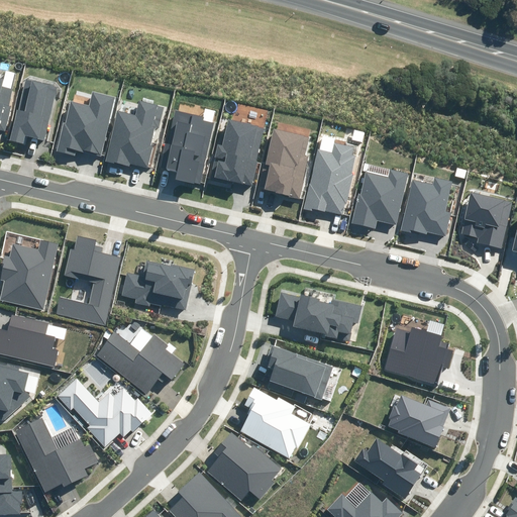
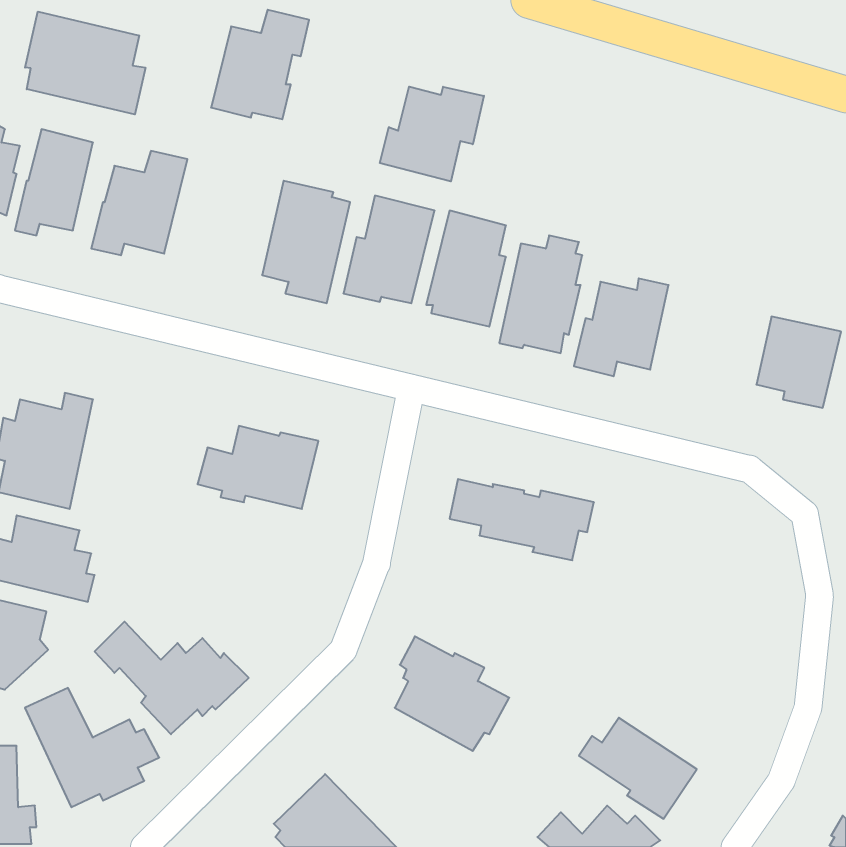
building: none -> [25,12,145,114]
building: none -> [380,87,484,181]
building: [104,101,164,168] -> [211,10,309,119]
building: [399,178,451,236] -> none
building: [56,235,121,326] -> none
building: [383,326,452,385] -> none
building: [96,331,185,392] -> none
building: [266,345,332,400] -> none
building: [388,395,449,447] -> none
building: [205,432,280,501] -> none

